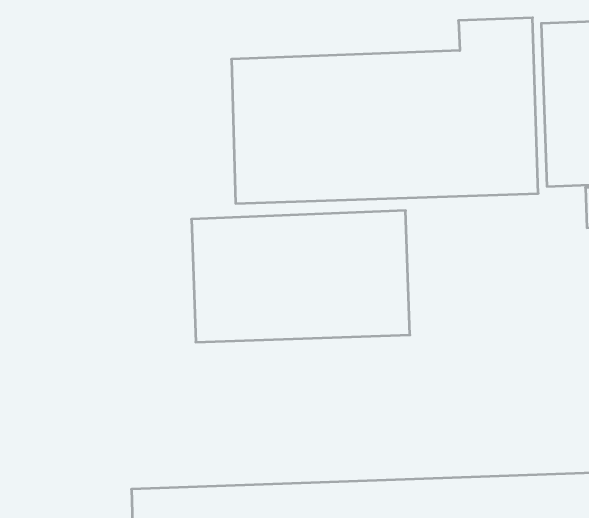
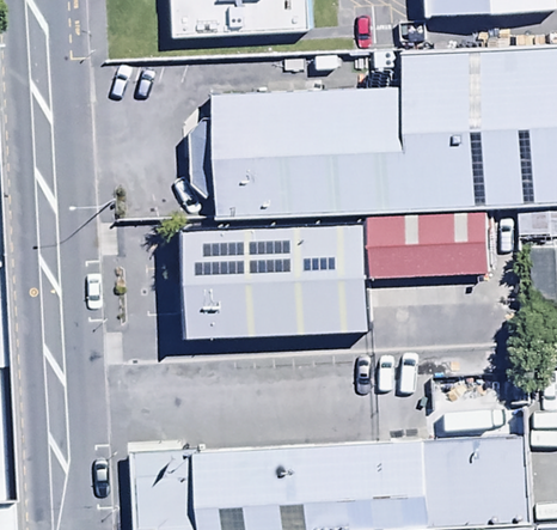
building: none -> [367,220,485,287]

